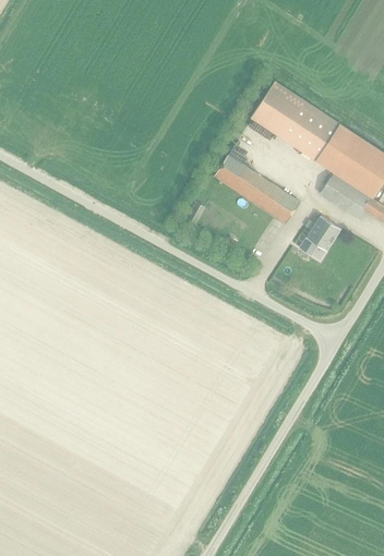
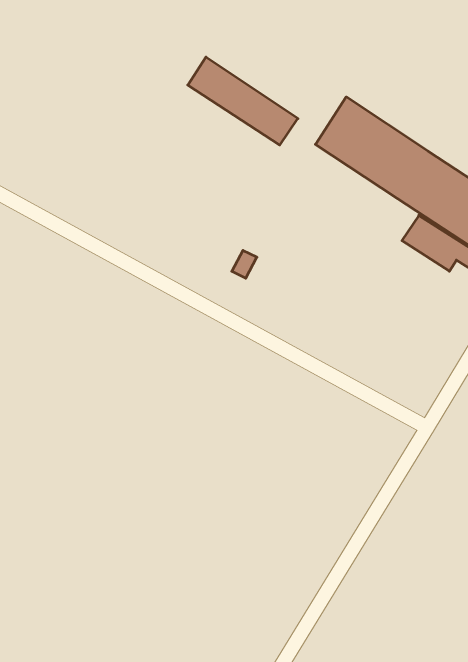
building: [213,154,299,222] -> [188,57,298,145]
building: [304,215,339,251] -> none

